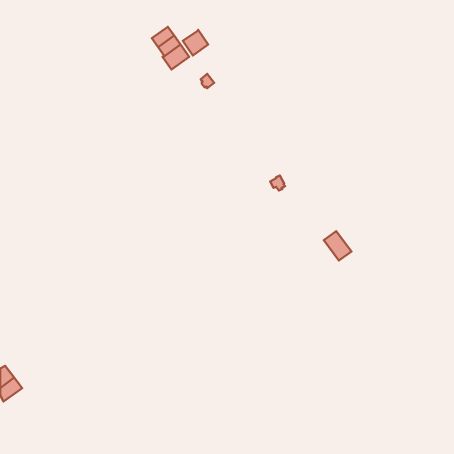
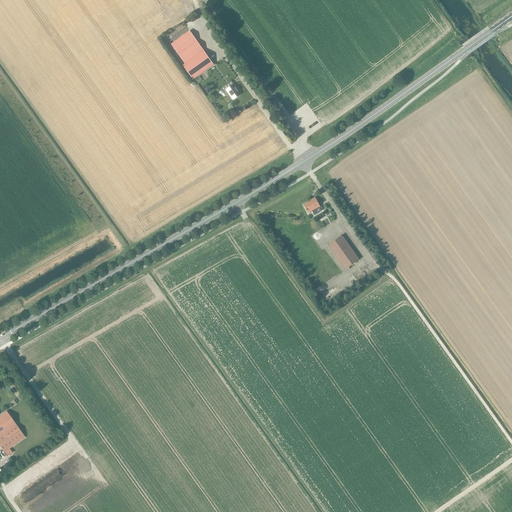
building: [183,30,208,55] -> none
building: [324,231,351,261] -> [328,235,359,268]

